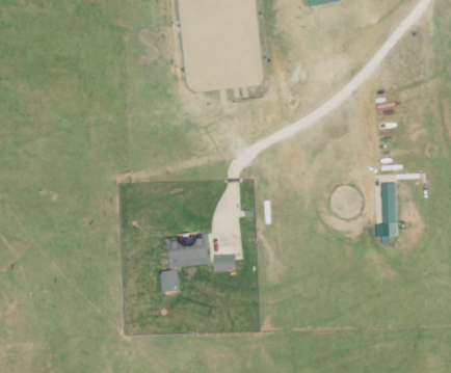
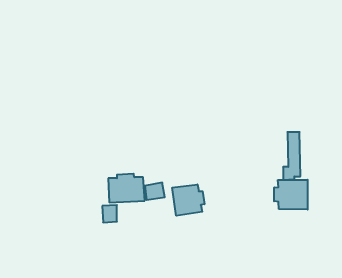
building: none -> [274,180,308,210]
building: none -> [172,184,204,216]

